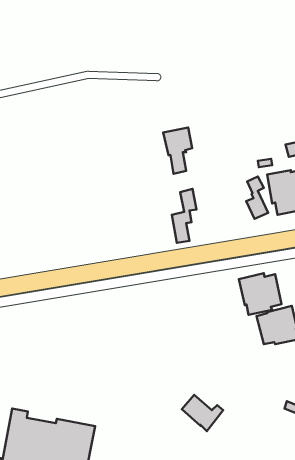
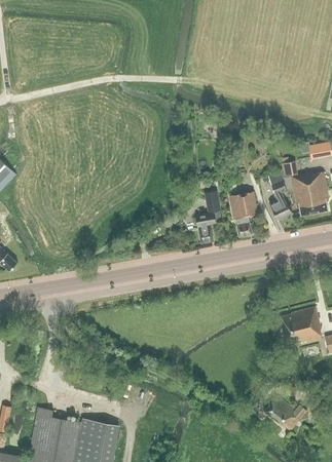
building: [163,127,192,174] -> [229,191,258,237]
building: [239,273,282,315] -> none
building: [182,395,223,431] -> [265,395,306,431]

